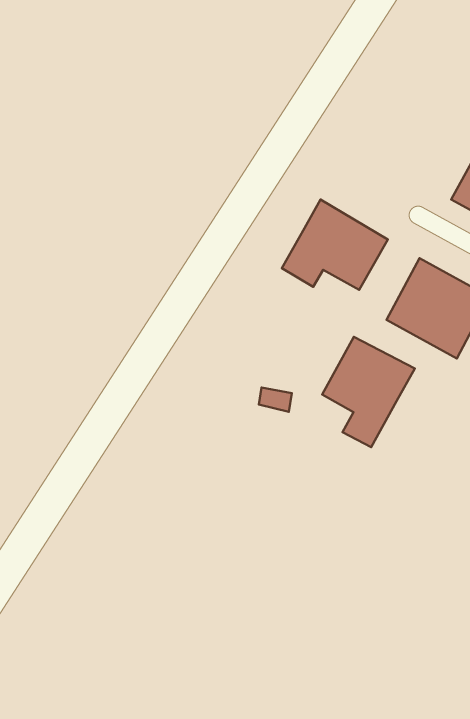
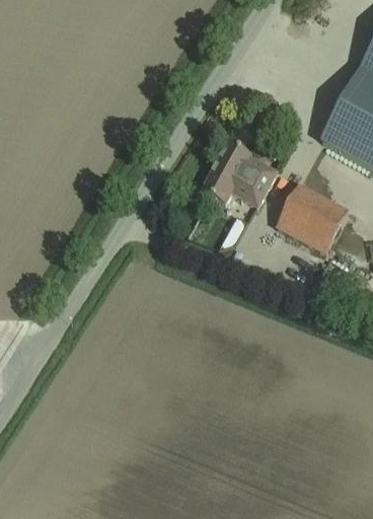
building: [322,337,415,447] -> none

